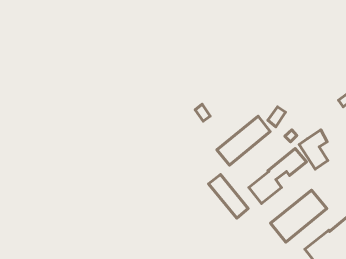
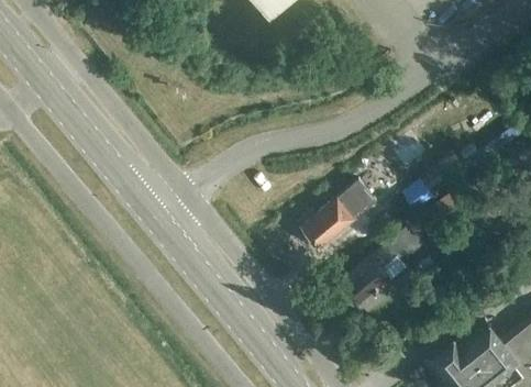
building: [209,174,248,218] -> none
building: [271,190,327,242] -> none

